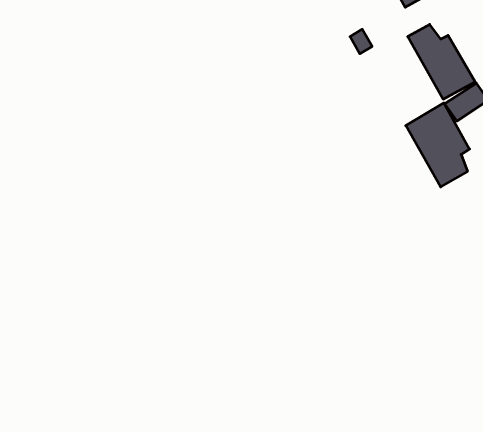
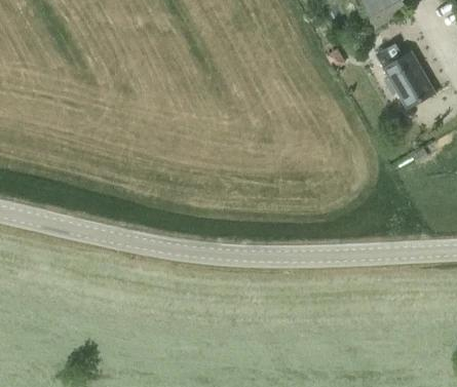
building: [406,103,470,187] -> none

